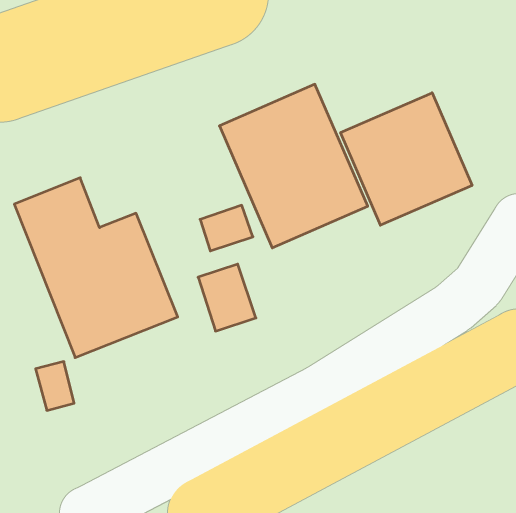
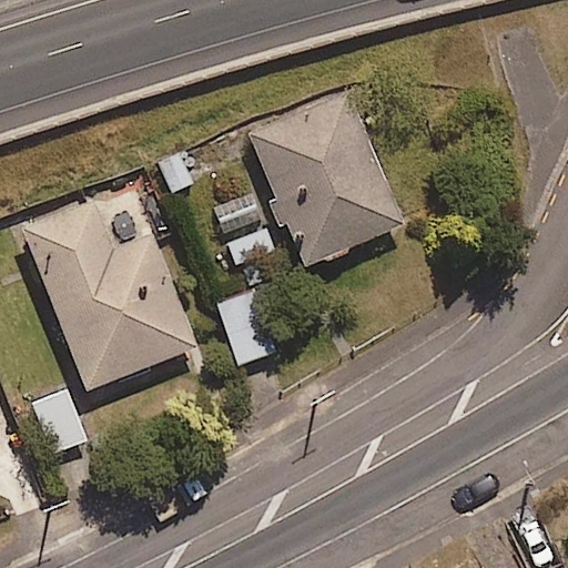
building: [341,93,472,225] -> none

